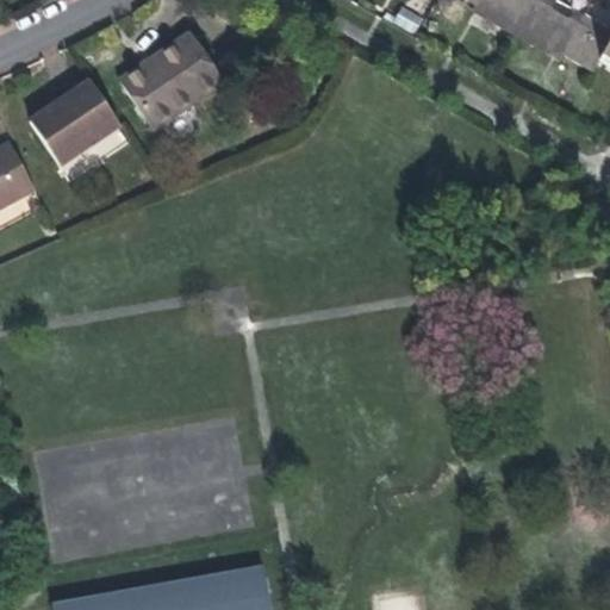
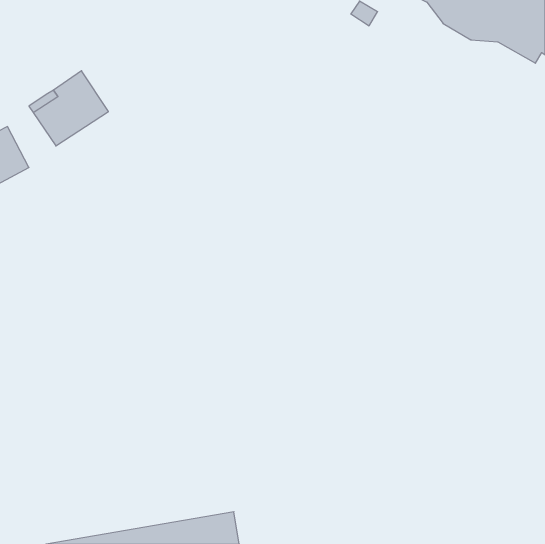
building: [118,32,219,127] -> none

